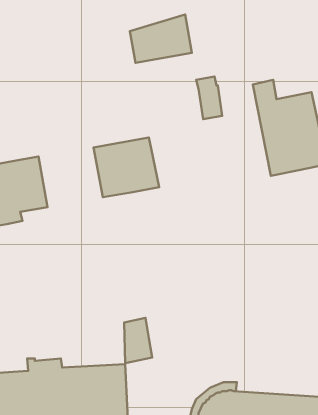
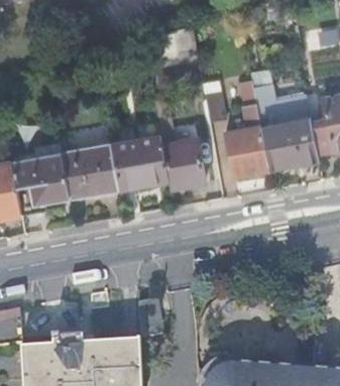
building: none -> [225,82,269,177]
building: none -> [153,93,206,188]
building: none -> [62,144,119,199]

